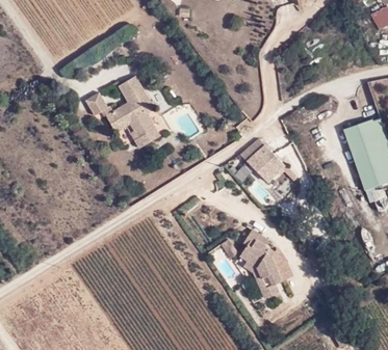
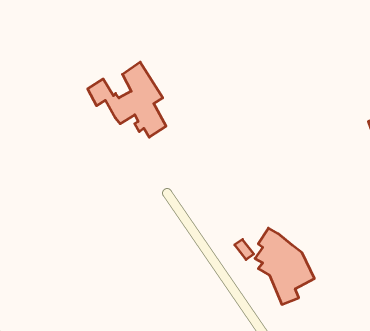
building: [240,140,283,183] -> none

